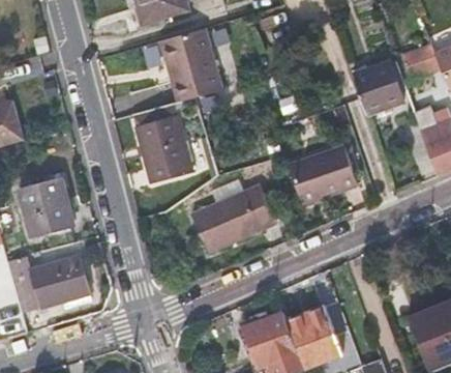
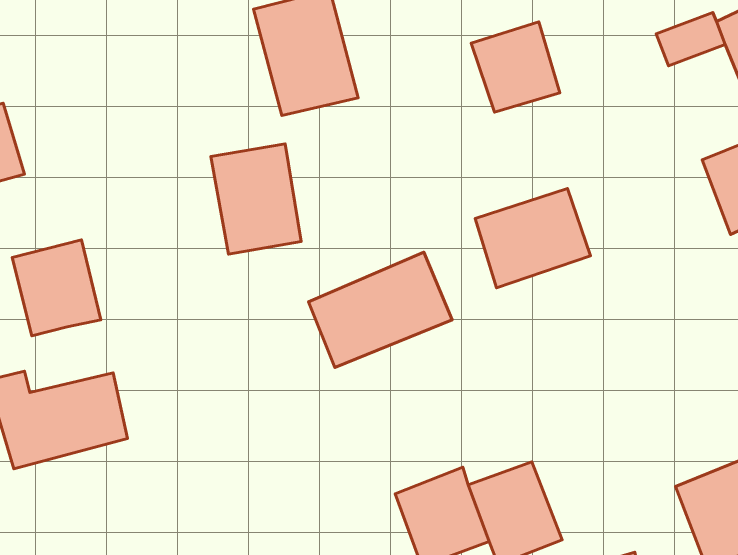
building: [353,62,404,115] -> [471,22,560,112]

